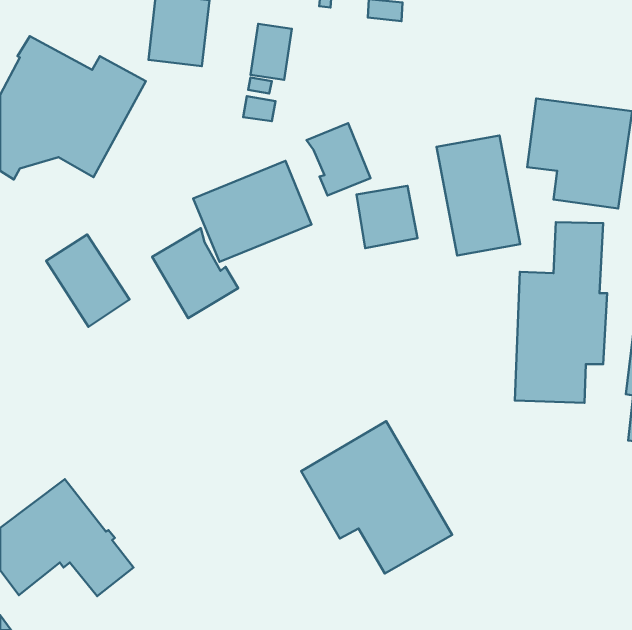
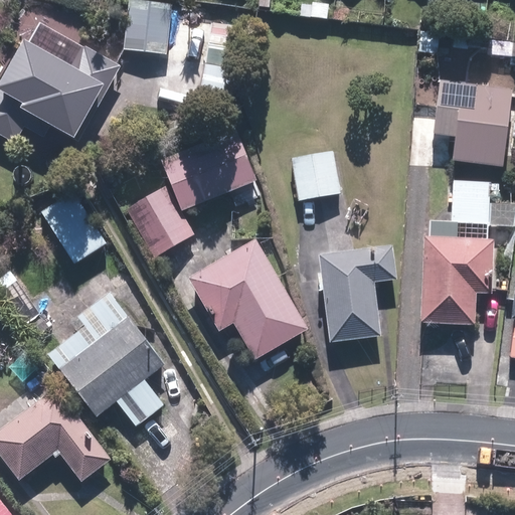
building: [307,123,371,195] -> none
building: [437,135,520,256] -> none
building: none -> [318,243,397,342]
building: none -> [47,290,165,425]
building: [301,421,452,573] -> [187,237,309,360]

